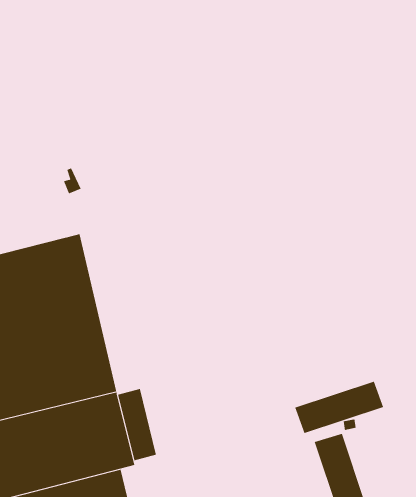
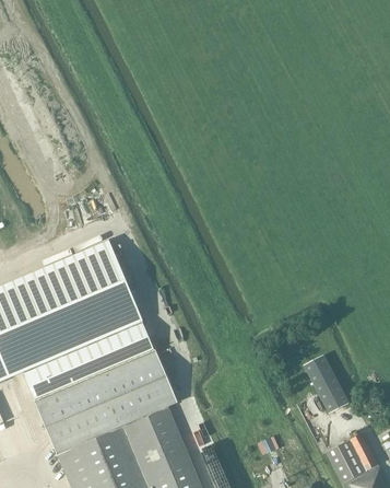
building: [295,381,384,434] -> none
building: [118,388,157,461] -> none

